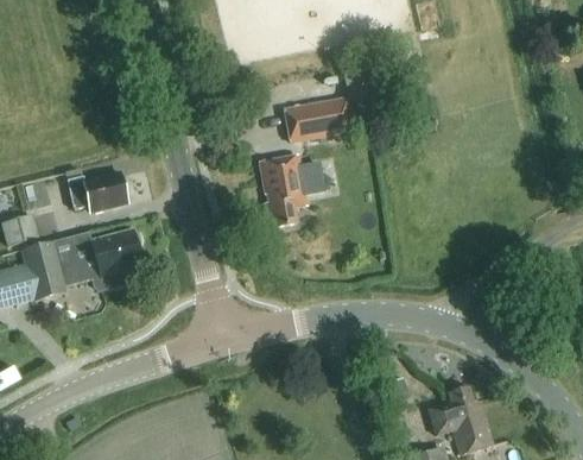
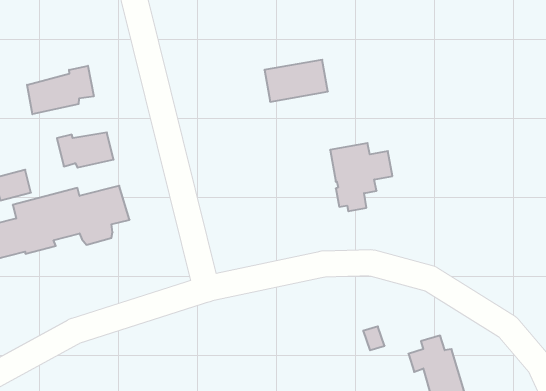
building: none -> [27,66,94,114]
building: [258,155,323,226] -> [330,143,392,211]

